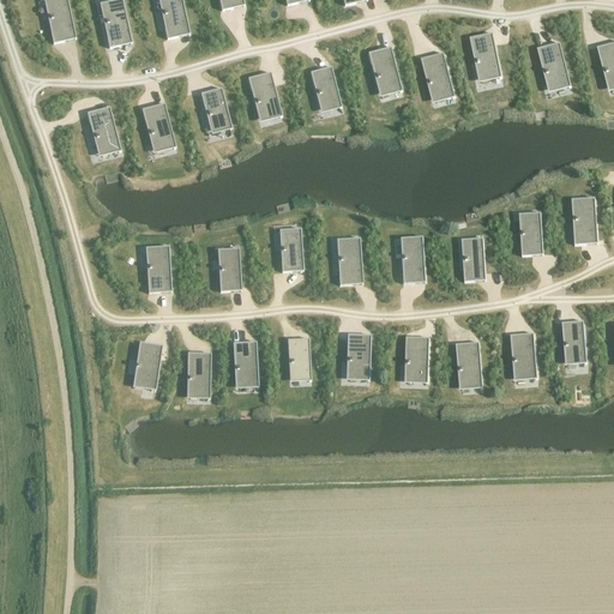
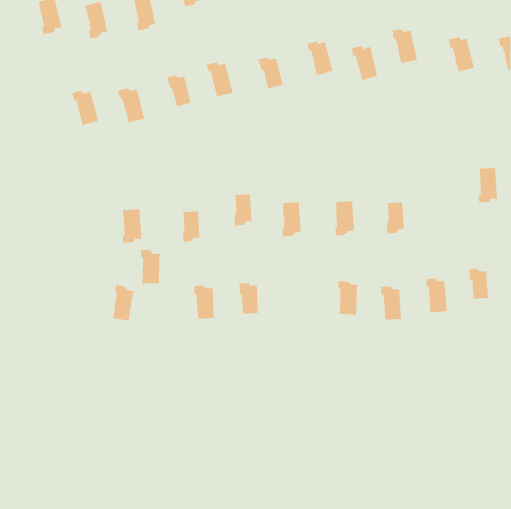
building: [519,216,542,254] -> none
building: [345,333,369,375] -> none
building: [186,351,210,393] -> [140,249,160,284]

